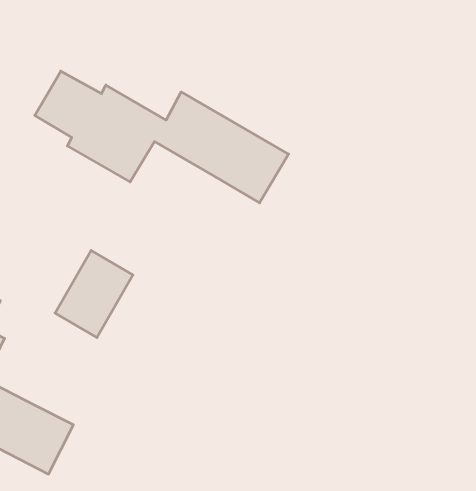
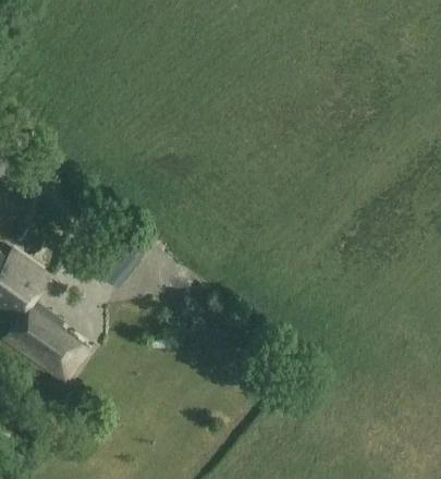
building: [35,71,289,203] -> none

